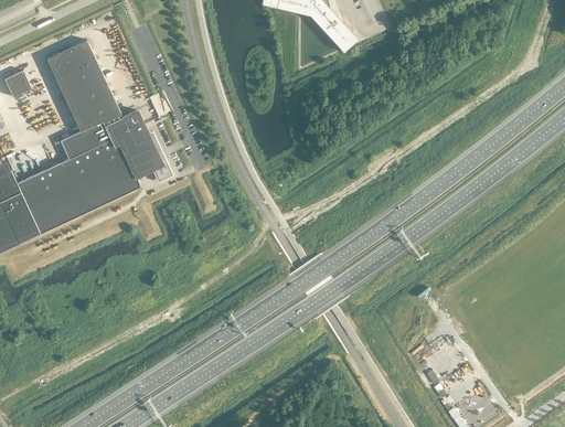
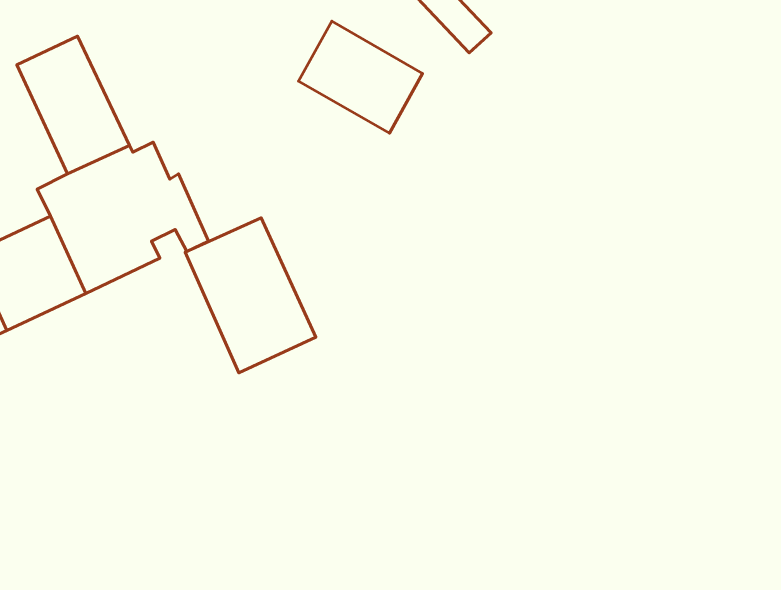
building: none -> [298,21,423,133]
building: none -> [185,218,316,373]

